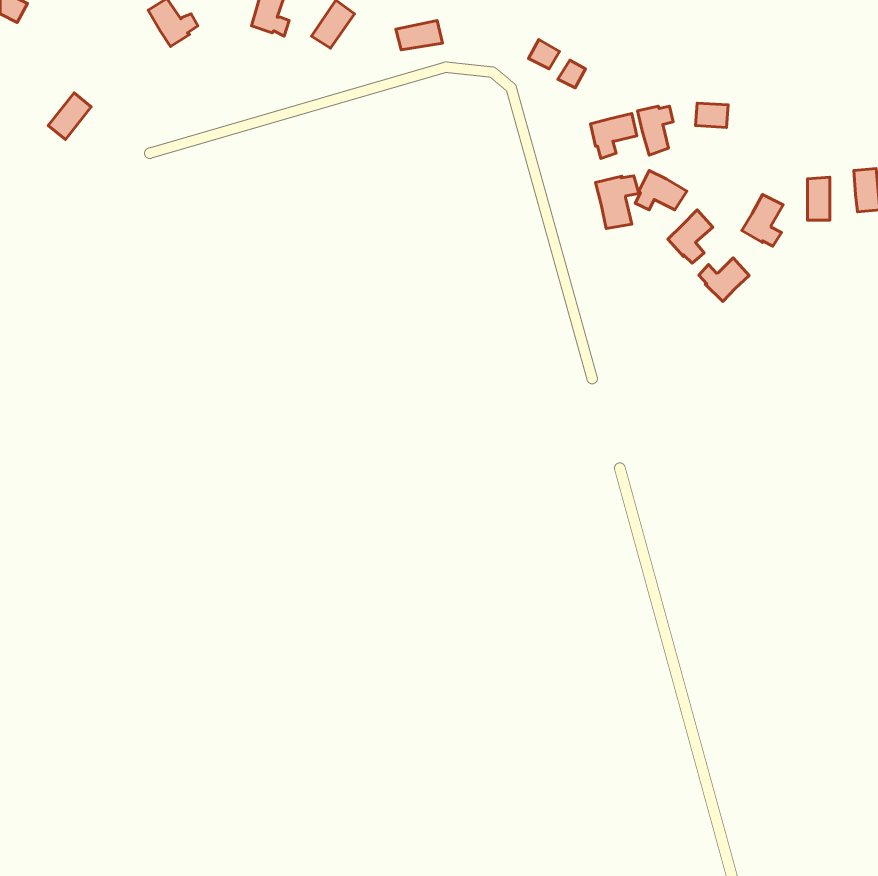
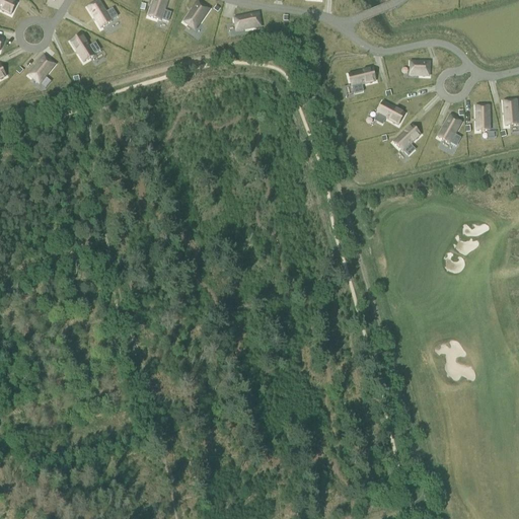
building: none -> [71,33,101,62]
building: [637,106,673,155] -> none
building: [596,176,639,229] -> none
building: [699,258,749,302] -> none

